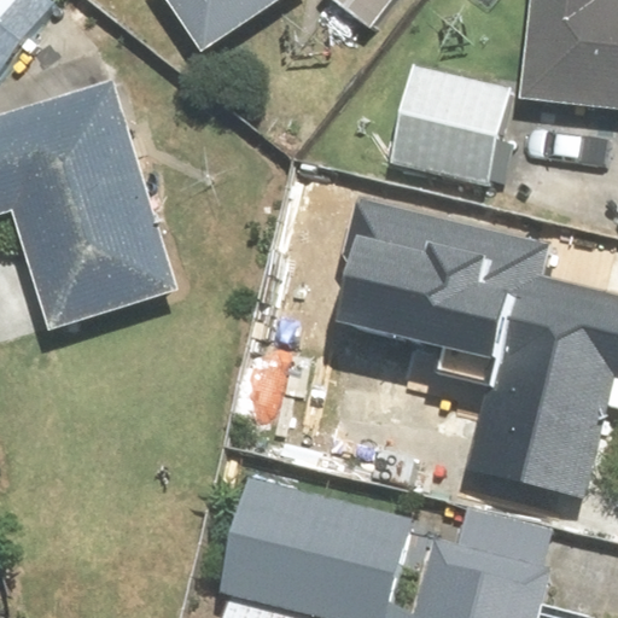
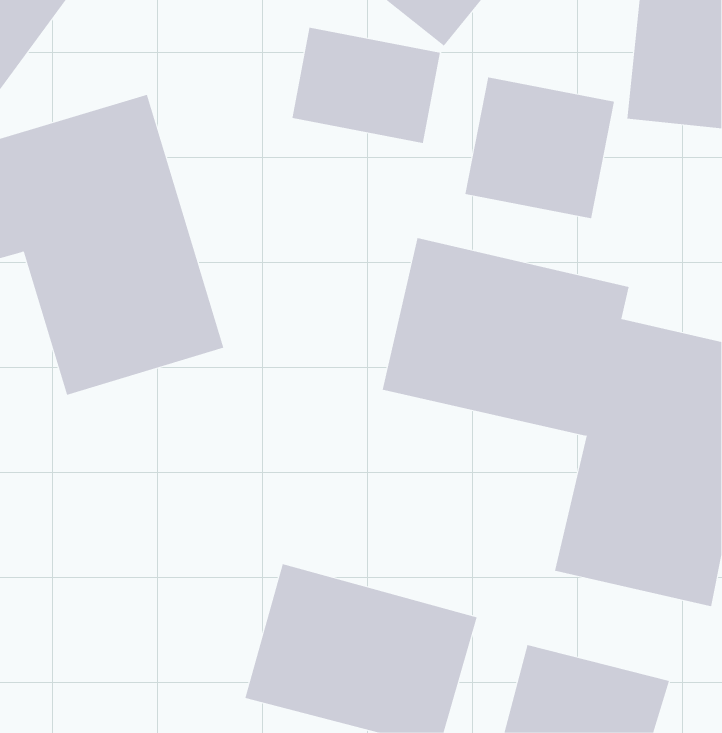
building: none -> [292,27,440,144]

